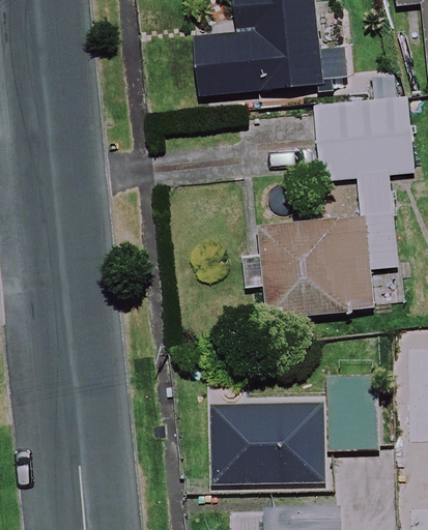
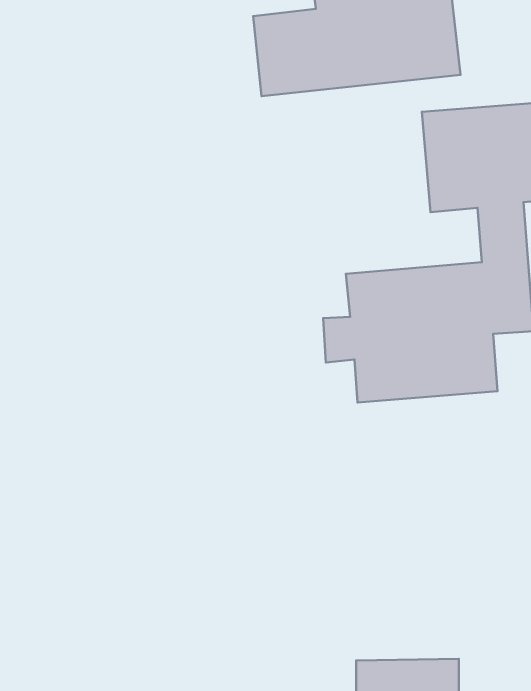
building: [207,377,376,489] -> none

